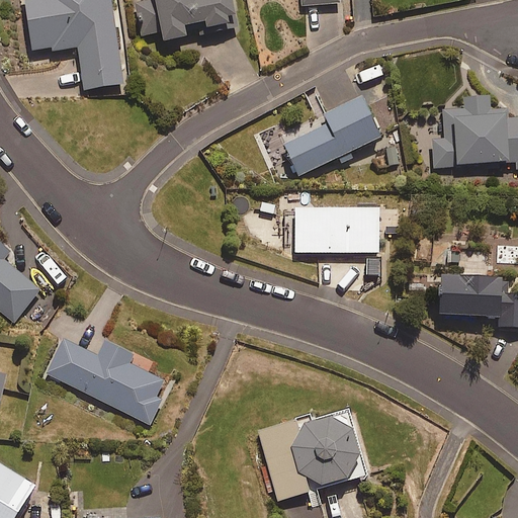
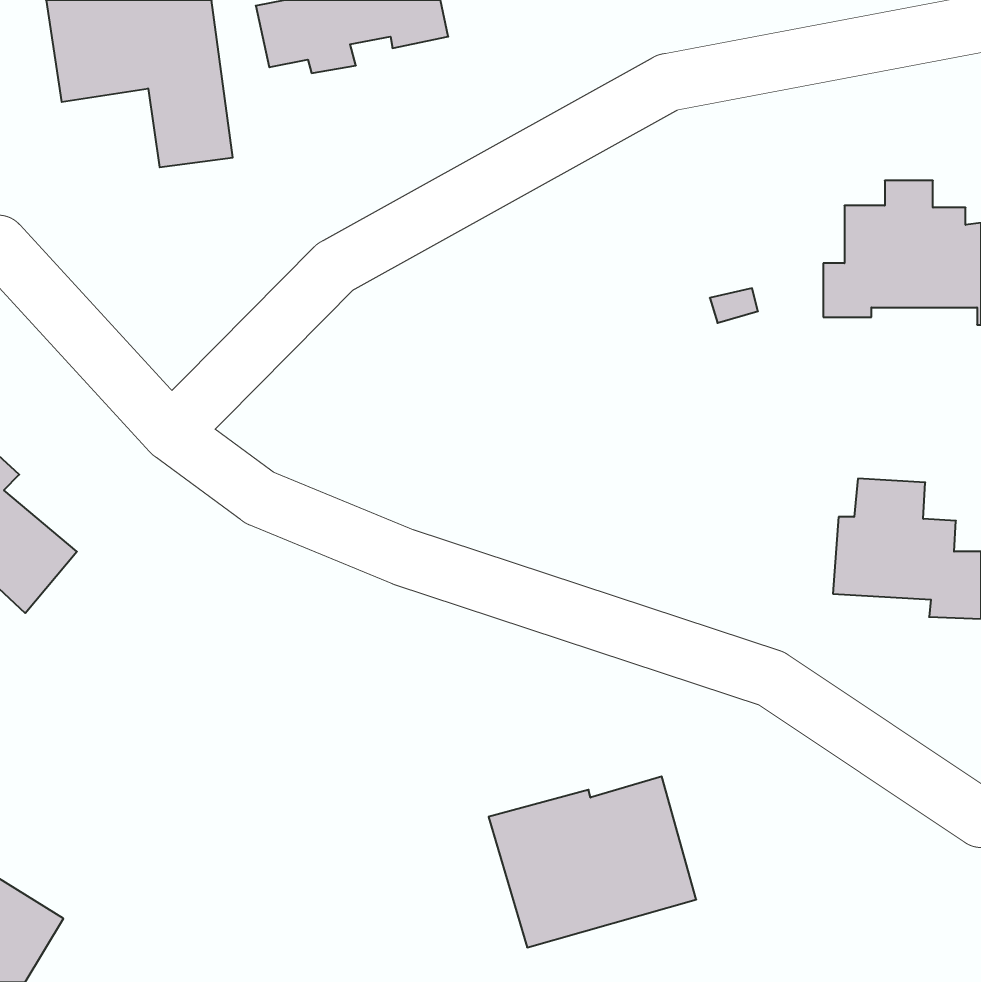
building: [280,96,380,174] -> none
building: [295,206,379,251] -> none
building: [46,339,164,425] -> none

